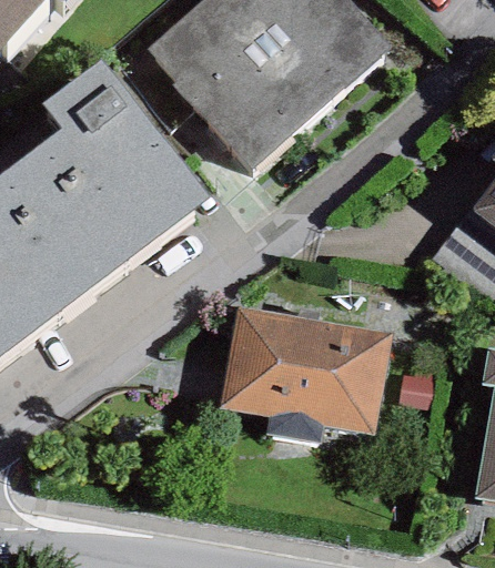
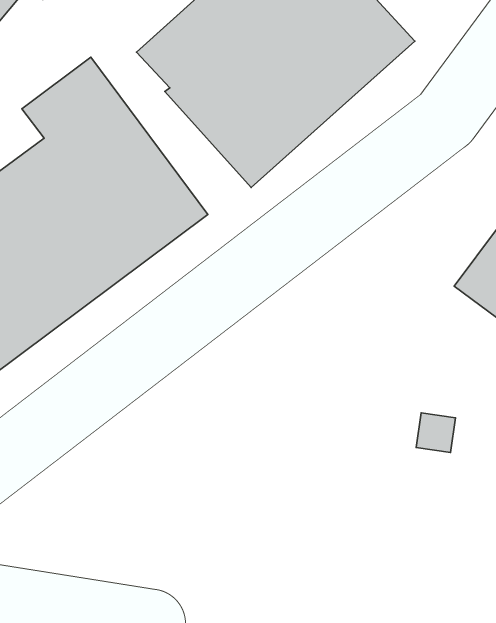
building: [220,307,392,444] -> none

